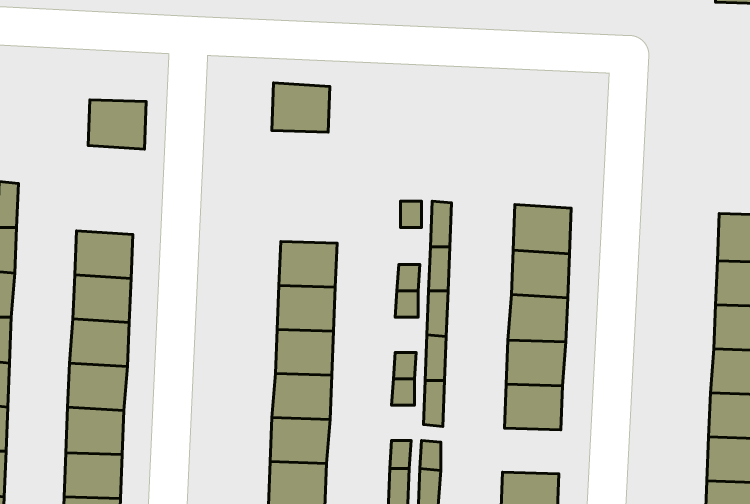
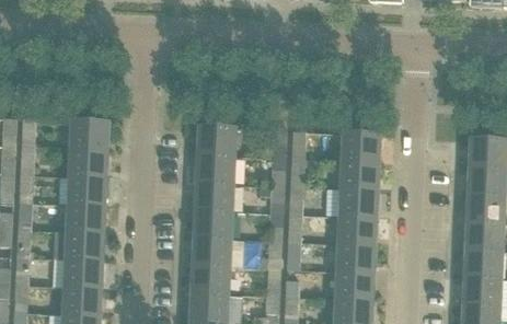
building: [272,83,330,132] -> [198,126,234,157]
building: [88,100,146,149] -> [71,120,107,151]
building: none -> [336,271,372,300]

